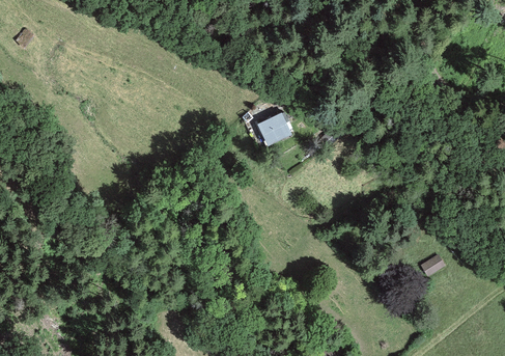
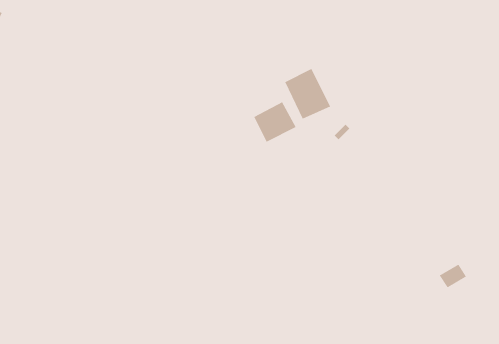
building: none -> [284,68,331,120]

